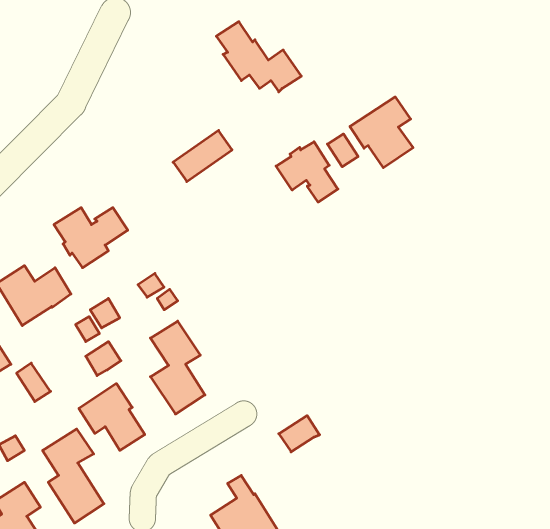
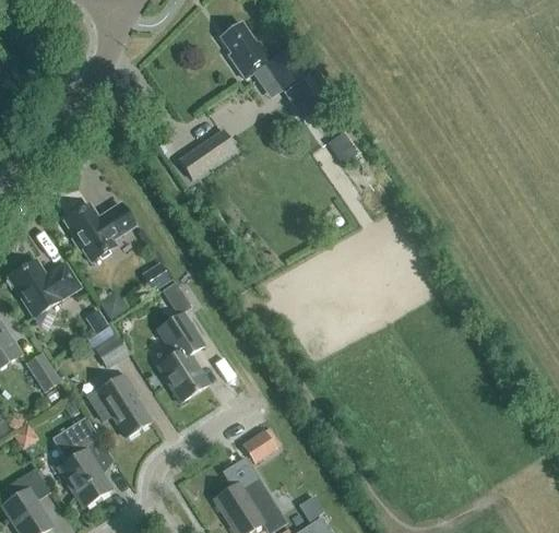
building: [350,97,413,168] -> none
building: [276,142,338,202] -> none
building: [279,416,320,452] -> [243,427,283,462]

